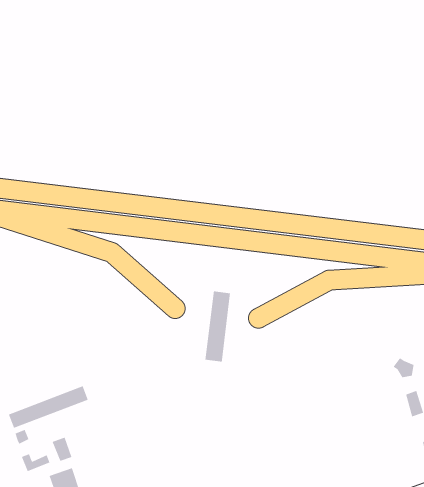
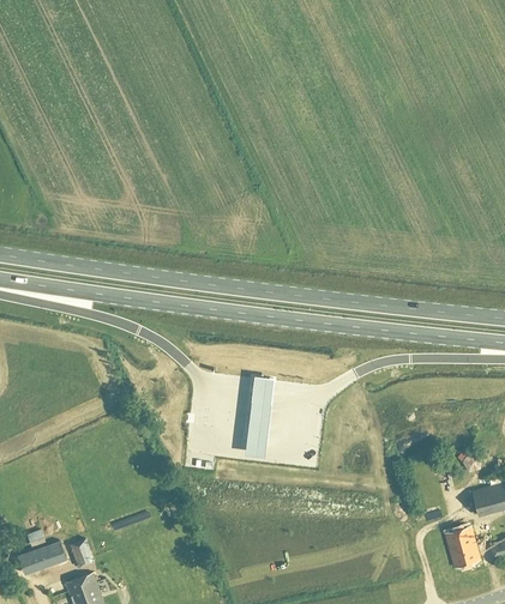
building: [8,385,89,429] -> none
building: none -> [443,525,480,568]

